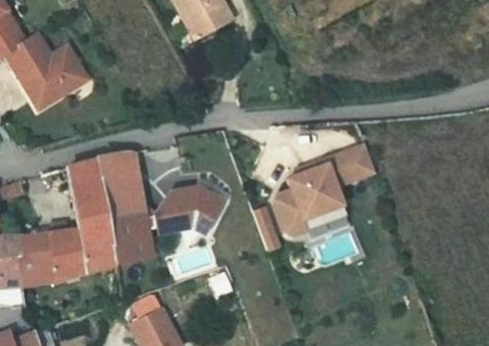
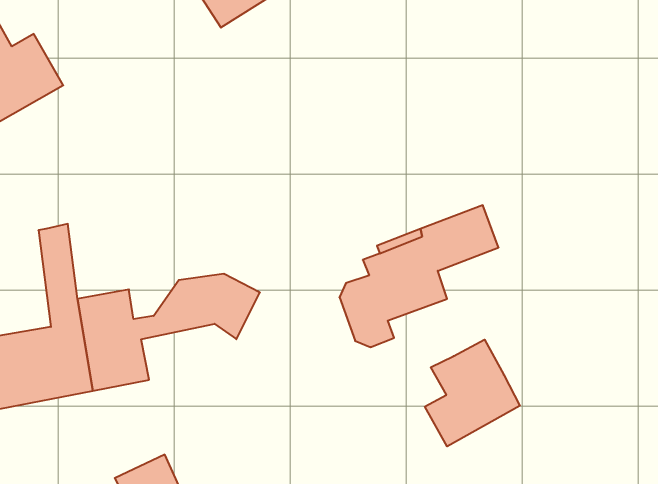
building: [93,154,136,210] -> none
building: none -> [425,340,520,446]

